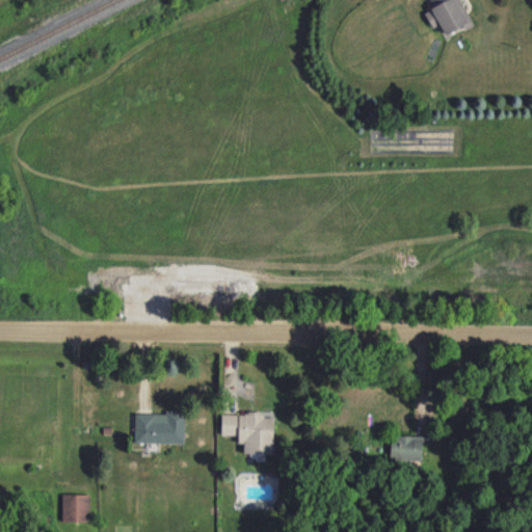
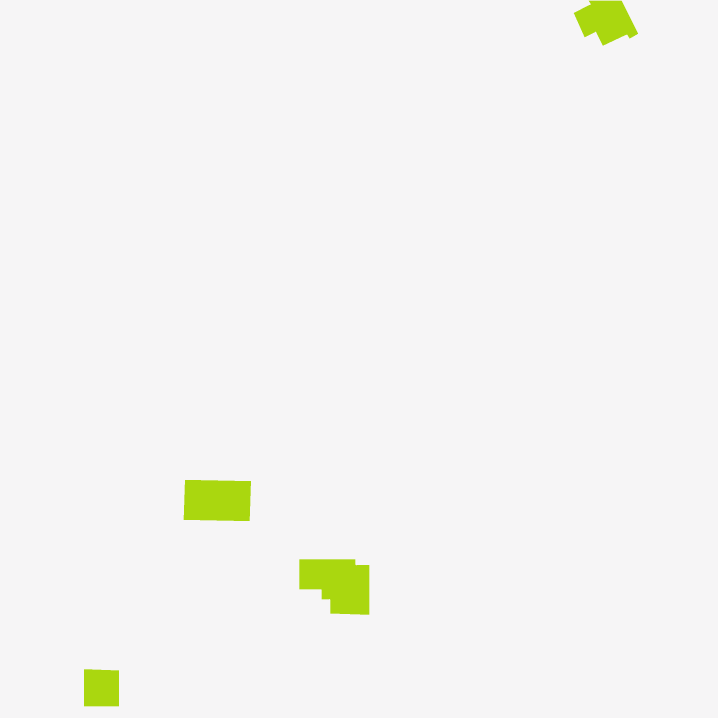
building: [134,413,185,444] -> [183,479,252,522]
building: [390,436,423,461] -> none

